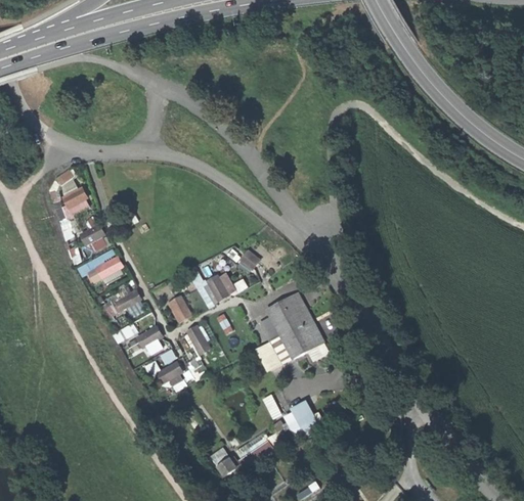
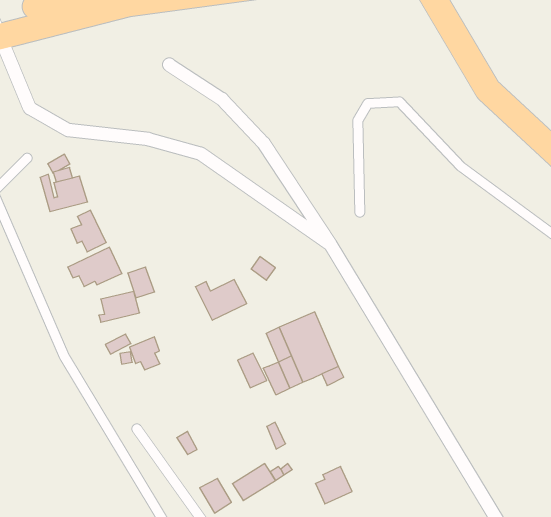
building: [169,295,193,323] -> [128,267,155,298]
building: [185,325,212,356] -> [238,353,267,388]
building: [157,361,188,392] -> none
building: [283,400,316,434] -> [315,466,352,504]

